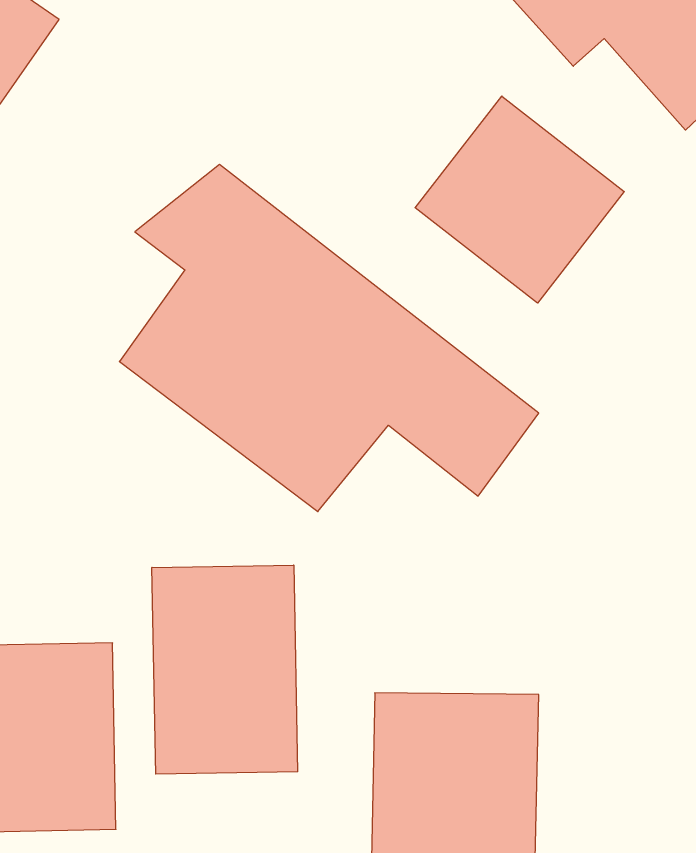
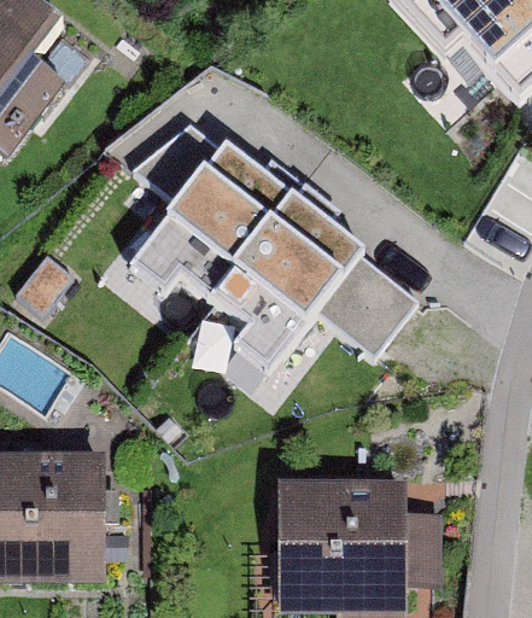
building: [415,96,624,303] -> none
building: [152,565,298,774] -> none

